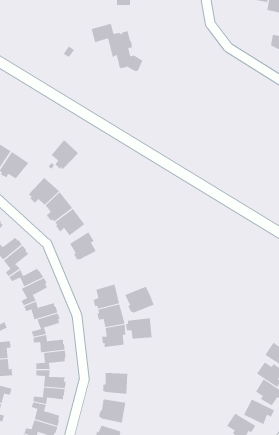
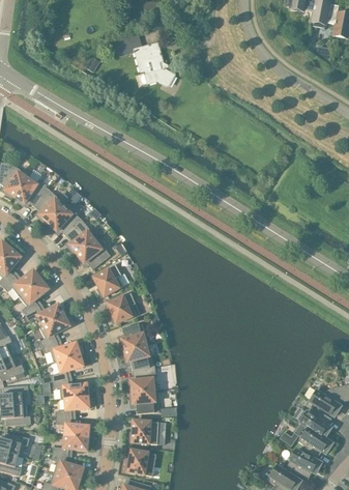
building: [51,139,79,170] -> [34,188,65,222]
building: [125,286,154,313] -> [107,292,140,322]
building: [125,318,152,339] -> [129,388,159,412]

